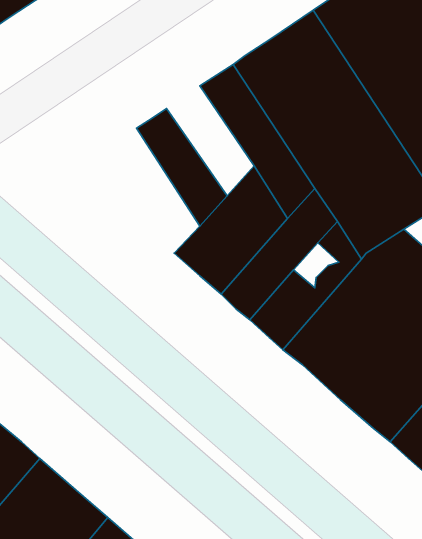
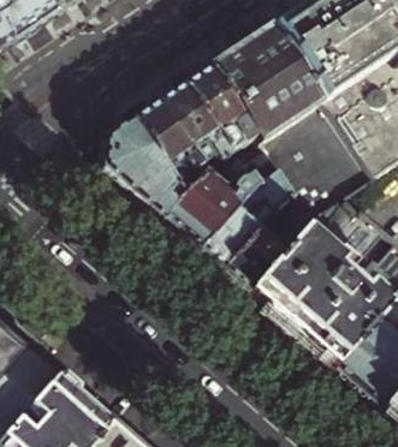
building: none -> [160,82,230,169]
building: none -> [107,115,186,215]

